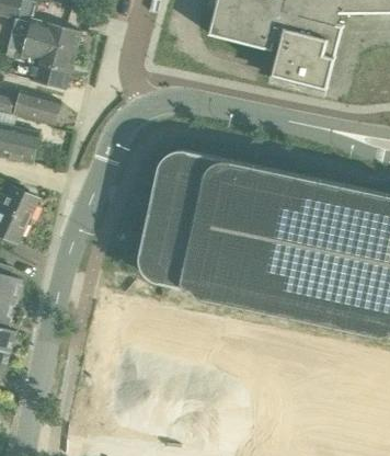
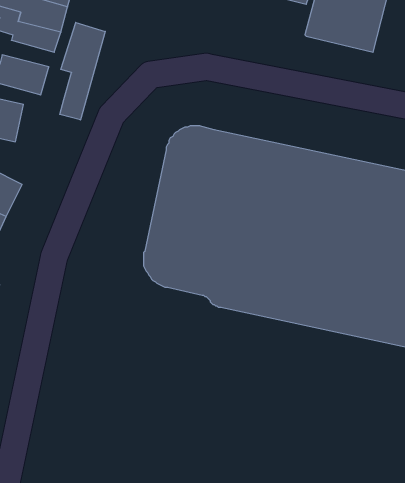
building: none -> [60,22,105,120]

